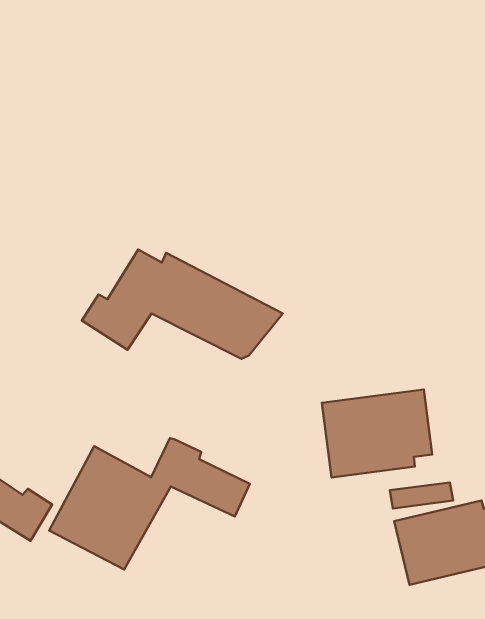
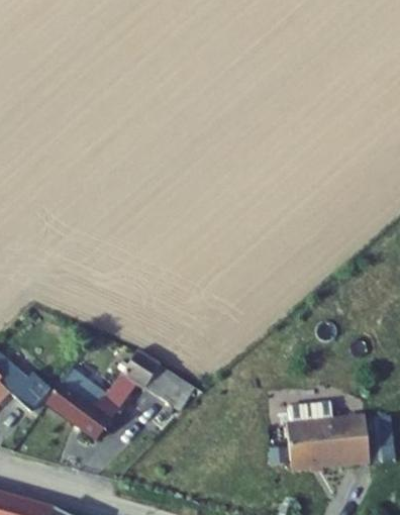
building: [82,250,283,359] -> none
building: [322,390,432,478] -> none

